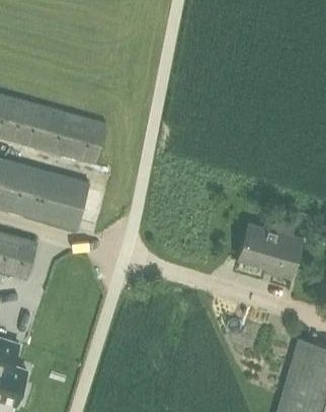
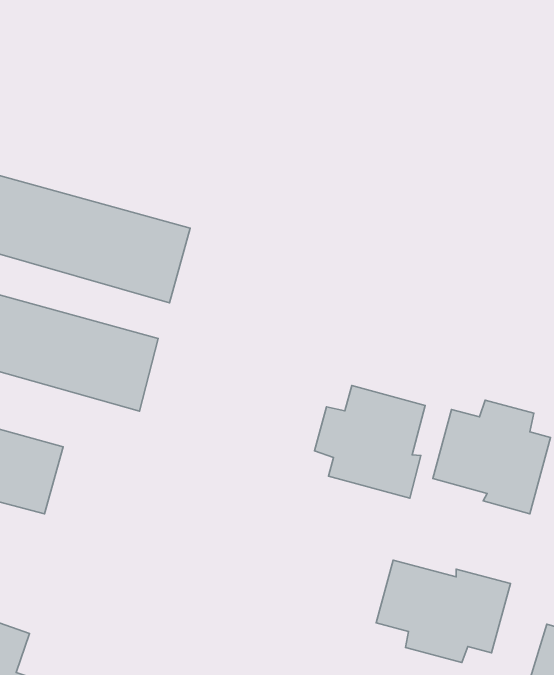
building: none -> [314,386,425,498]
building: none -> [376,560,511,663]

